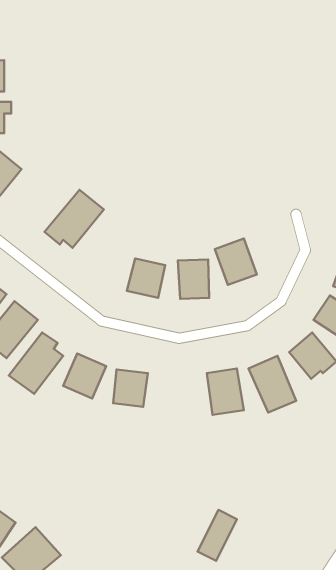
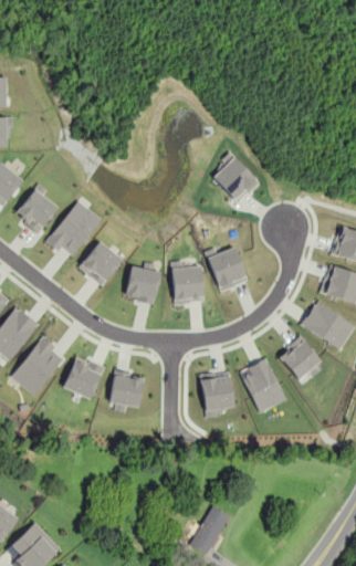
building: none -> [211,154,260,203]
building: none -> [15,189,57,232]
building: none -> [78,241,123,285]

